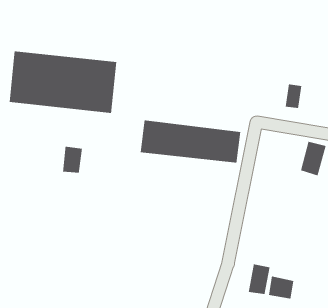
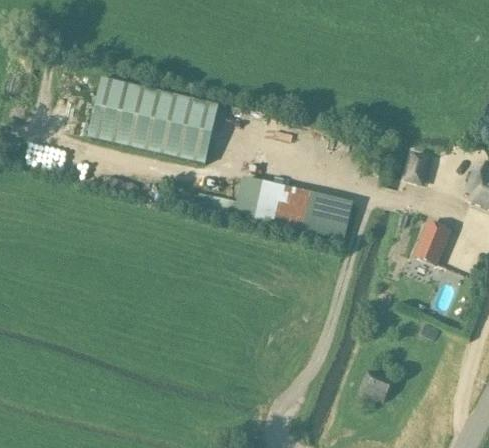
building: [62,146,82,173] -> none
building: [248,263,270,295] -> none

